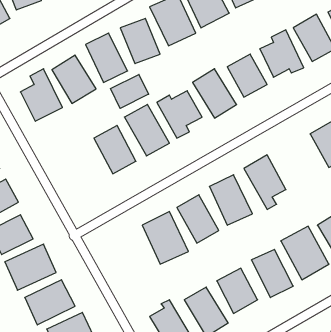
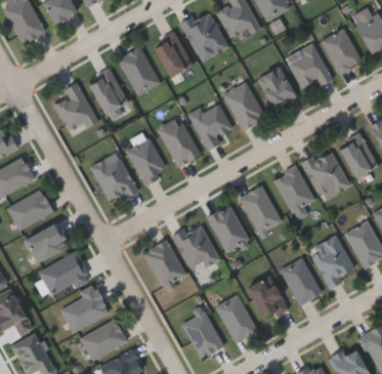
building: [110,74,149,108] -> none
building: none -> [303,150,349,201]
building: none -> [92,154,137,203]
building: none -> [143,239,186,288]

